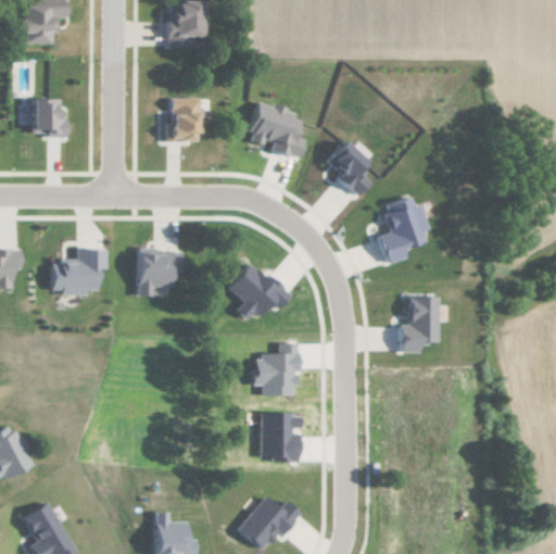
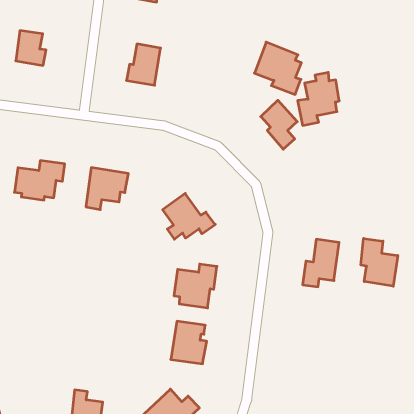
building: [249,101,304,158] -> [254,42,301,94]
building: [381,197,430,263] -> [298,72,339,125]
building: none -> [361,238,398,286]

